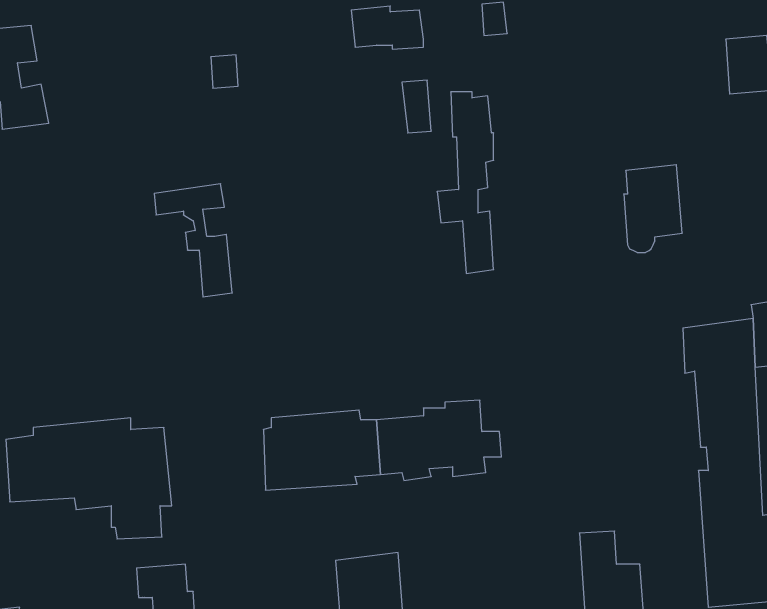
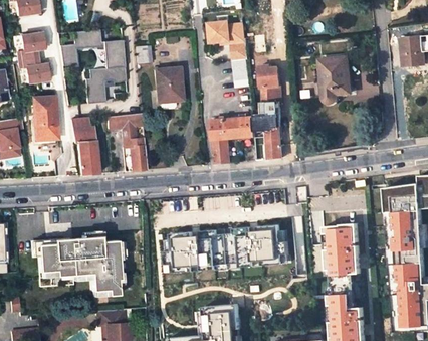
building: none -> [59,29,125,102]
building: none -> [156,67,183,110]
building: none -> [33,97,57,140]
building: [624,165,682,253] -> [323,57,353,103]
building: none -> [213,117,256,163]
building: none -> [71,118,98,175]
building: none -> [326,225,355,273]

